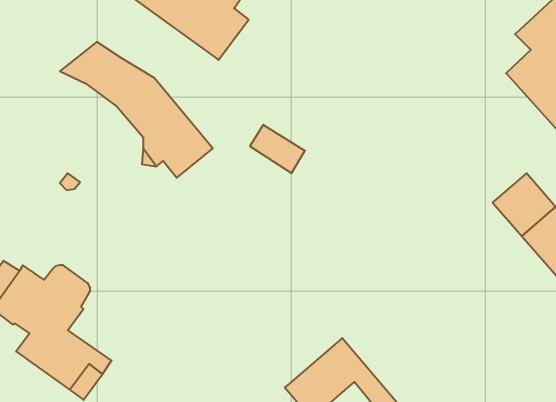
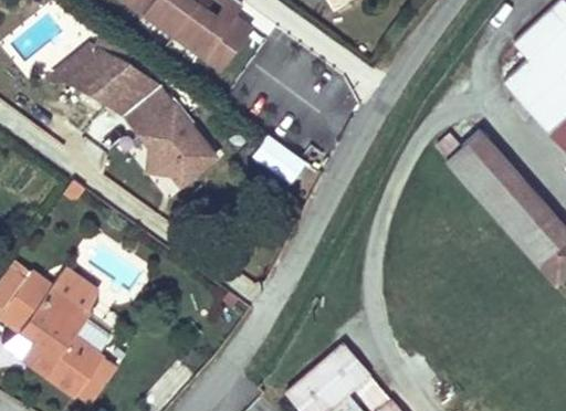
building: none -> [52,40,129,81]
building: none -> [437,131,524,210]

